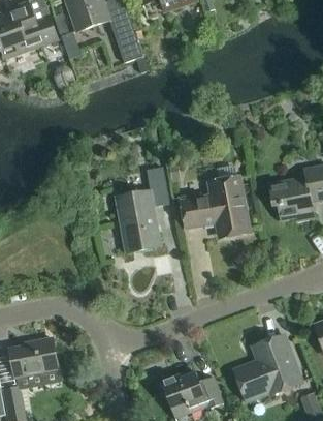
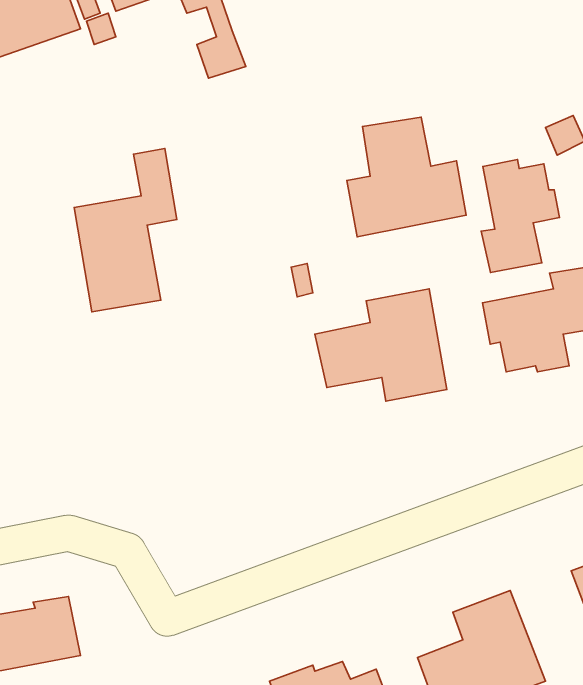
building: none -> [347,117,466,237]
building: none -> [481,160,560,273]
building: [115,167,168,252] -> [74,148,177,312]

